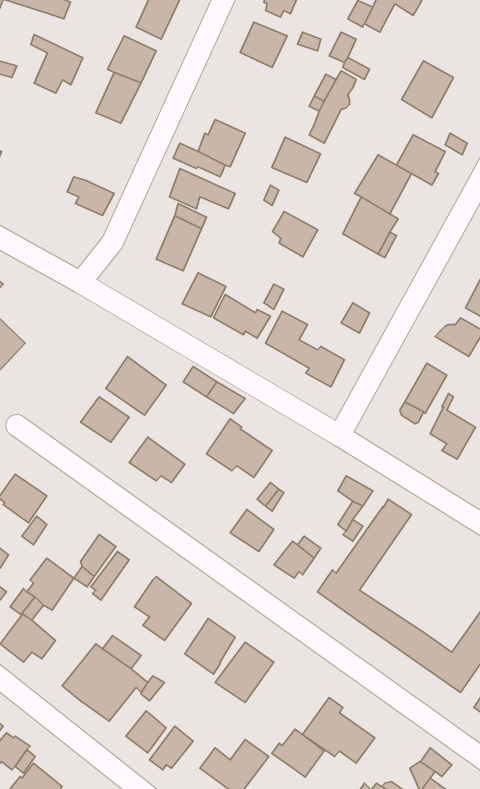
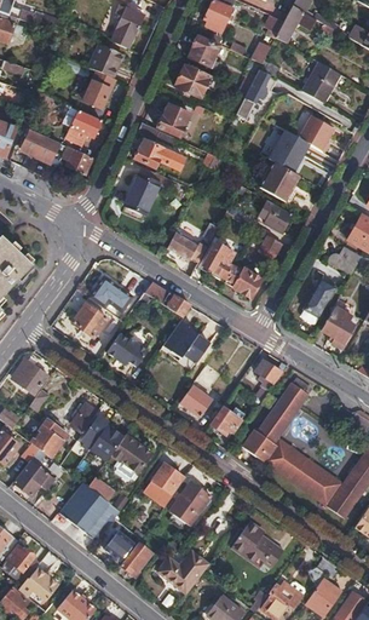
building: [31,34,83,93] -> [63,102,100,144]
building: [272,137,320,183] -> [175,63,211,96]
building: none -> [22,128,59,162]
building: [273,211,318,257] -> [259,200,292,232]
building: [182,273,226,317] -> none
building: none -> [88,424,123,461]
building: [272,729,324,777] -> none

